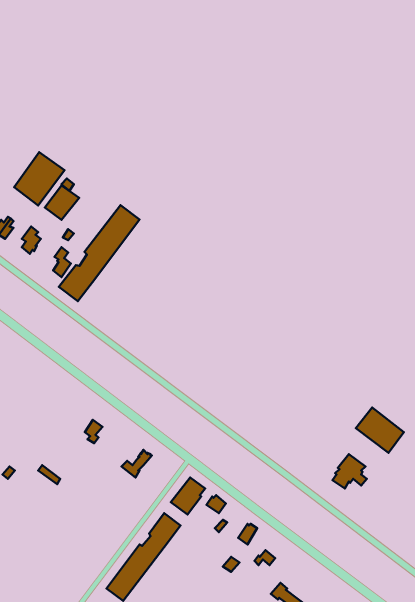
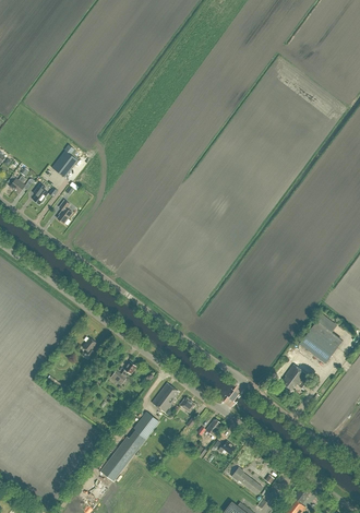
building: [14,152,65,205] -> none
building: [59,205,139,301] -> none

